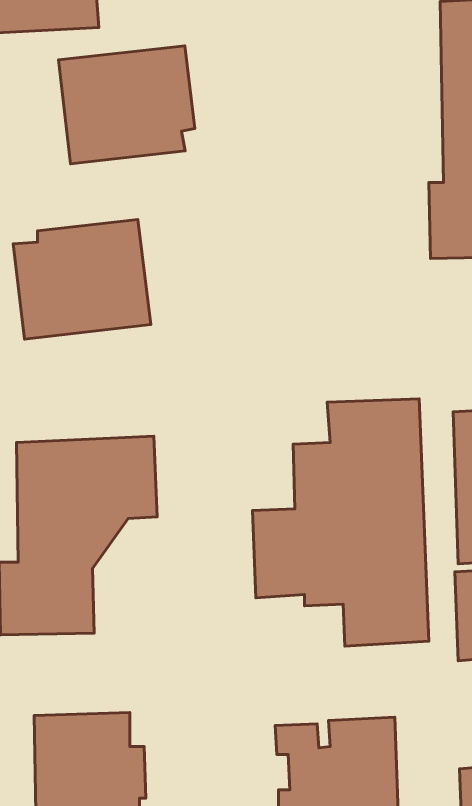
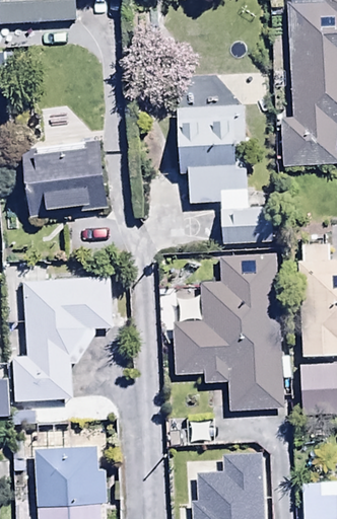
building: [59,46,195,164] -> none
building: none -> [179,105,273,244]

